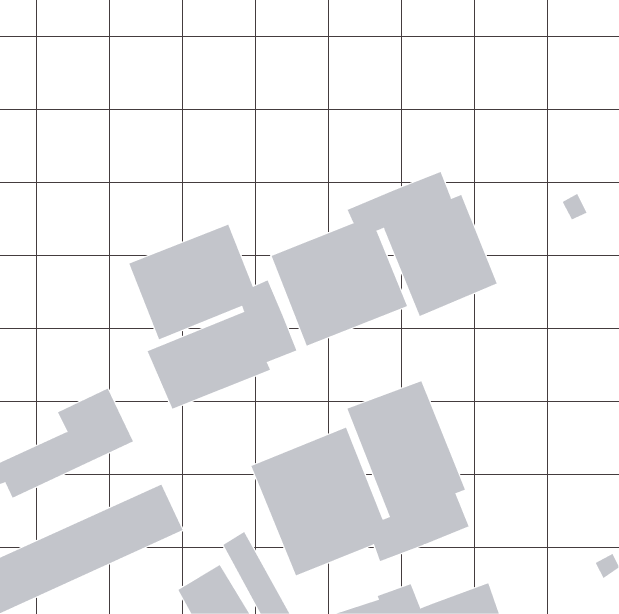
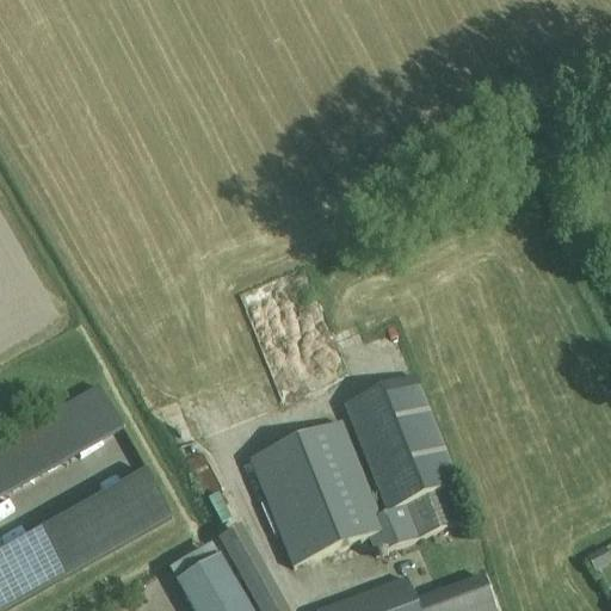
building: [271,171,497,347] -> none
building: [129,224,297,410] -> none

